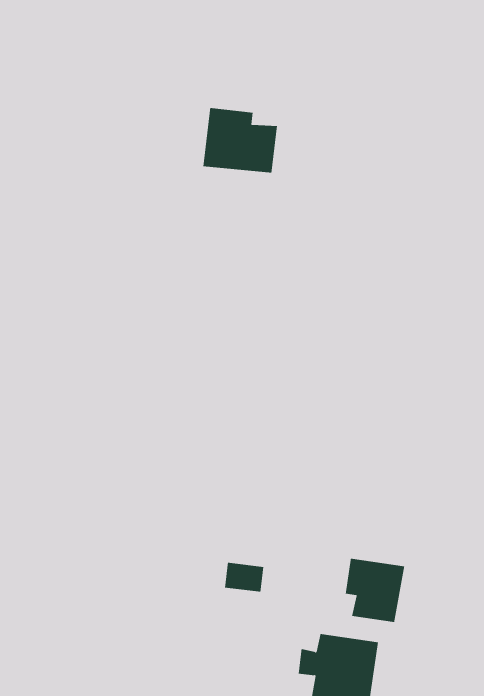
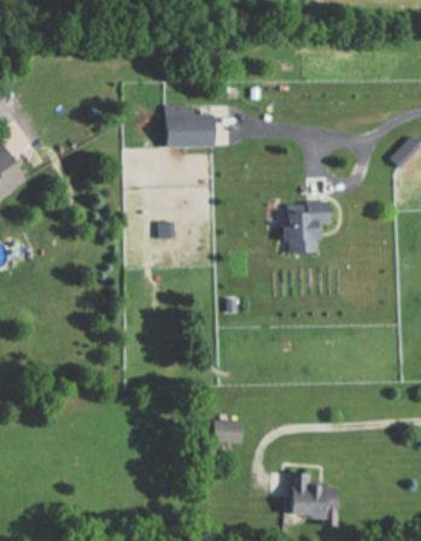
building: none -> [285,202,332,254]
building: [345,558,405,623] -> none

